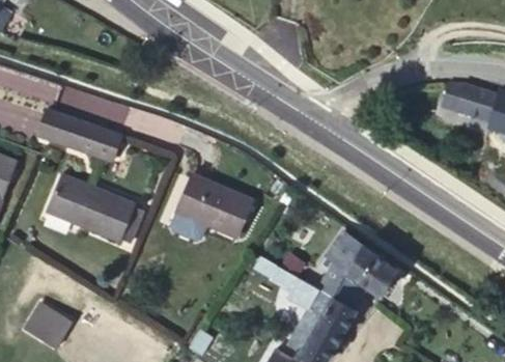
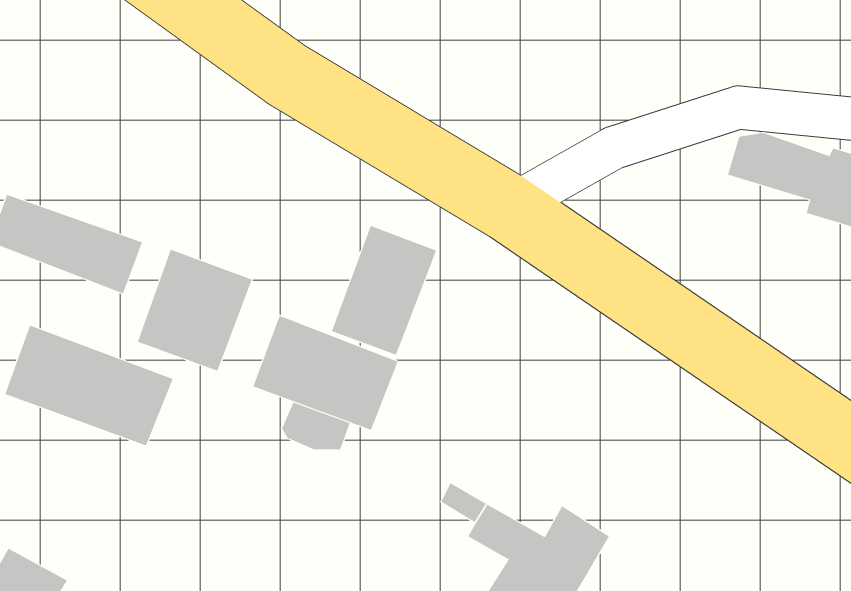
building: none -> [331,225,437,355]
building: none -> [137,249,253,371]
building: [324,235,394,294] -> none

